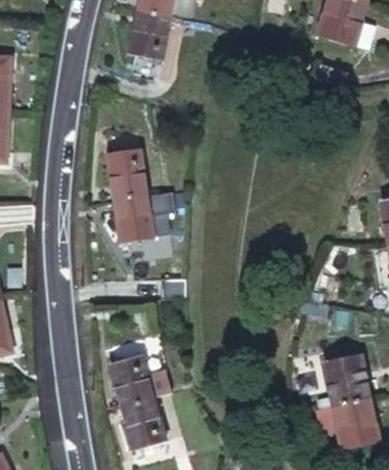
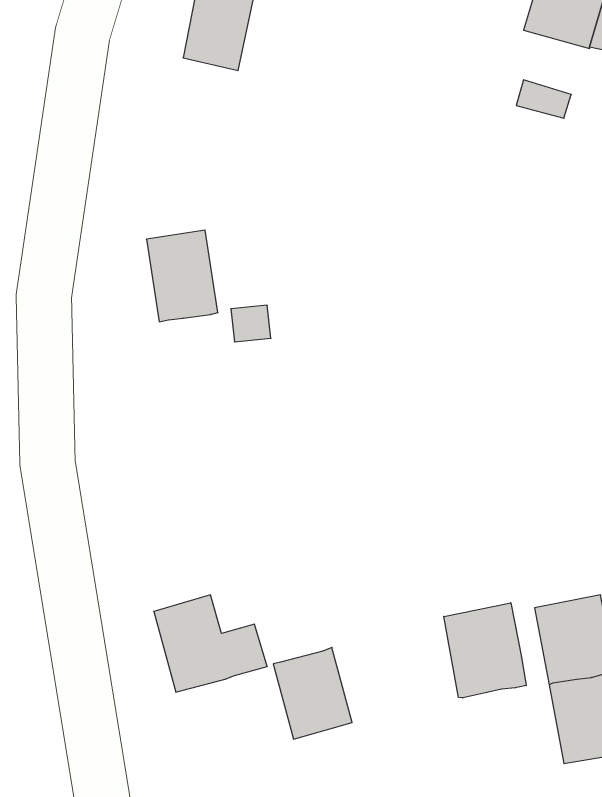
building: [114,195,154,244] -> none
building: none -> [444,603,526,698]
building: [123,397,167,448] -> [273,647,352,739]

